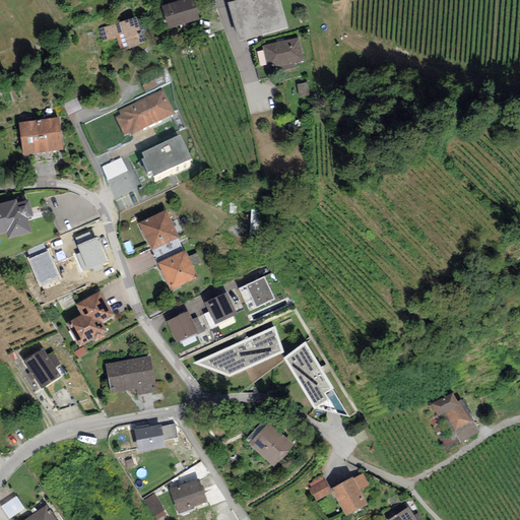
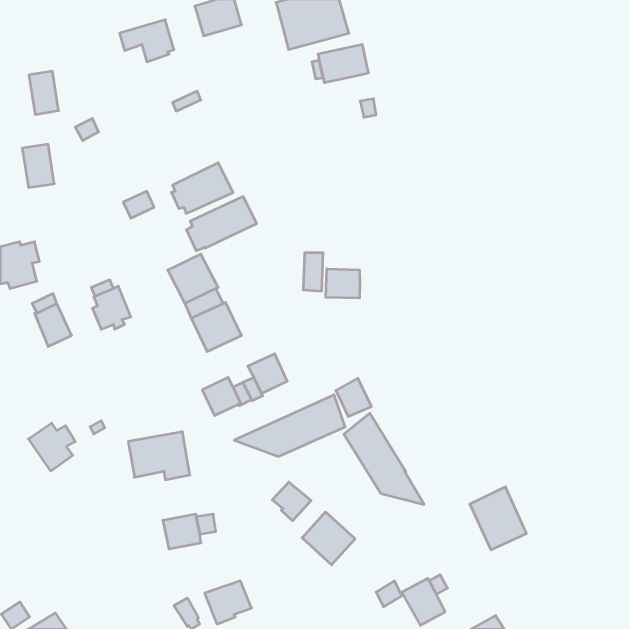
building: [116,89,174,134] -> [186,197,257,251]
building: [40,116,64,151] -> [29,71,59,114]
building: none -> [326,269,360,298]
building: [246,275,275,307] -> [336,378,371,416]
building: [65,290,113,346] -> none
building: [436,393,482,445] -> [470,487,526,550]
building: none -> [272,482,311,521]

